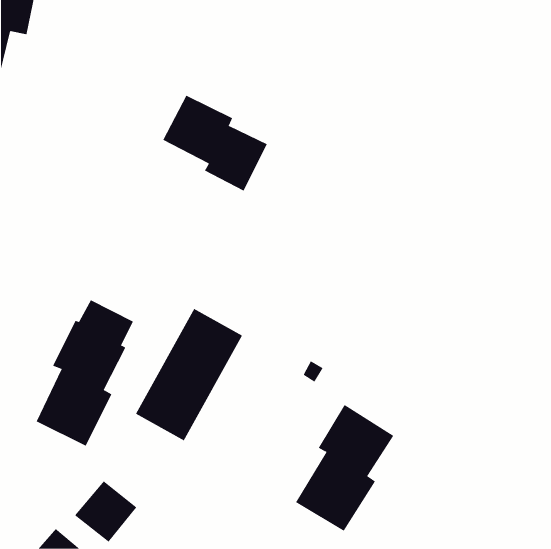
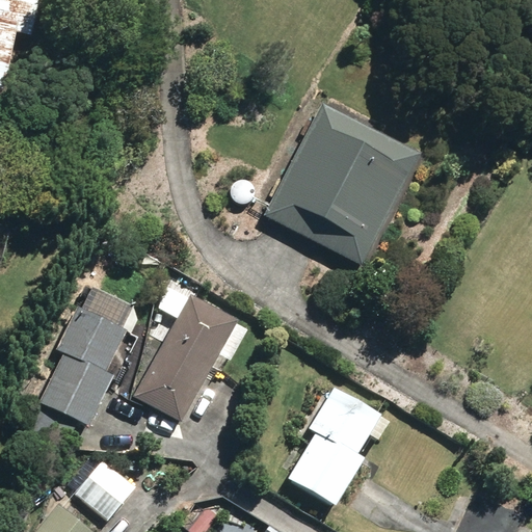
building: [162,95,267,191] -> none
building: none -> [265,102,421,263]

